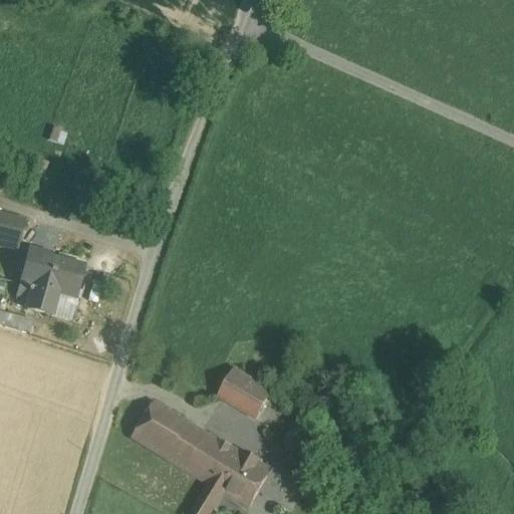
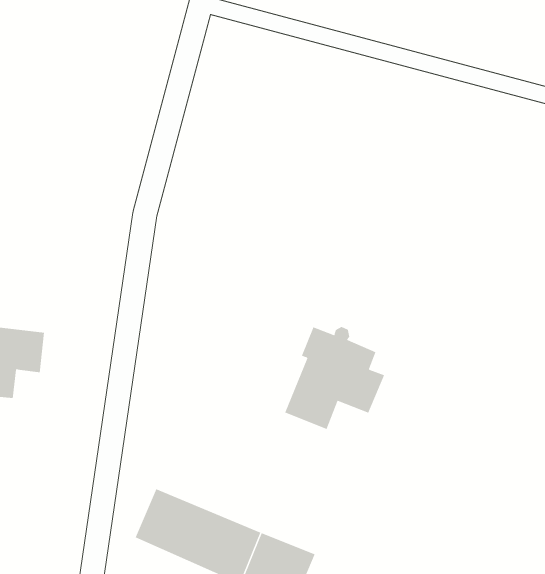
building: none -> [285,326,385,430]
building: [219,370,270,417] -> none

